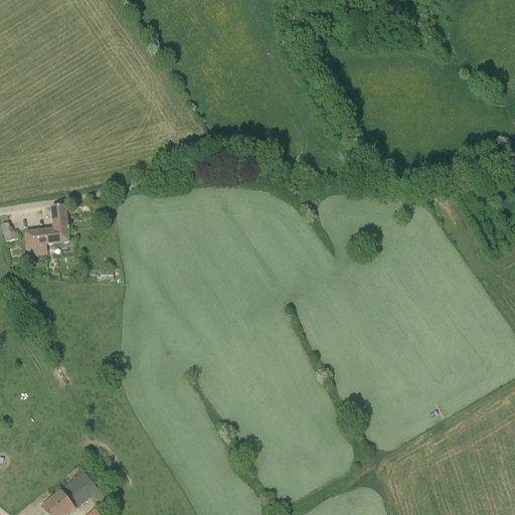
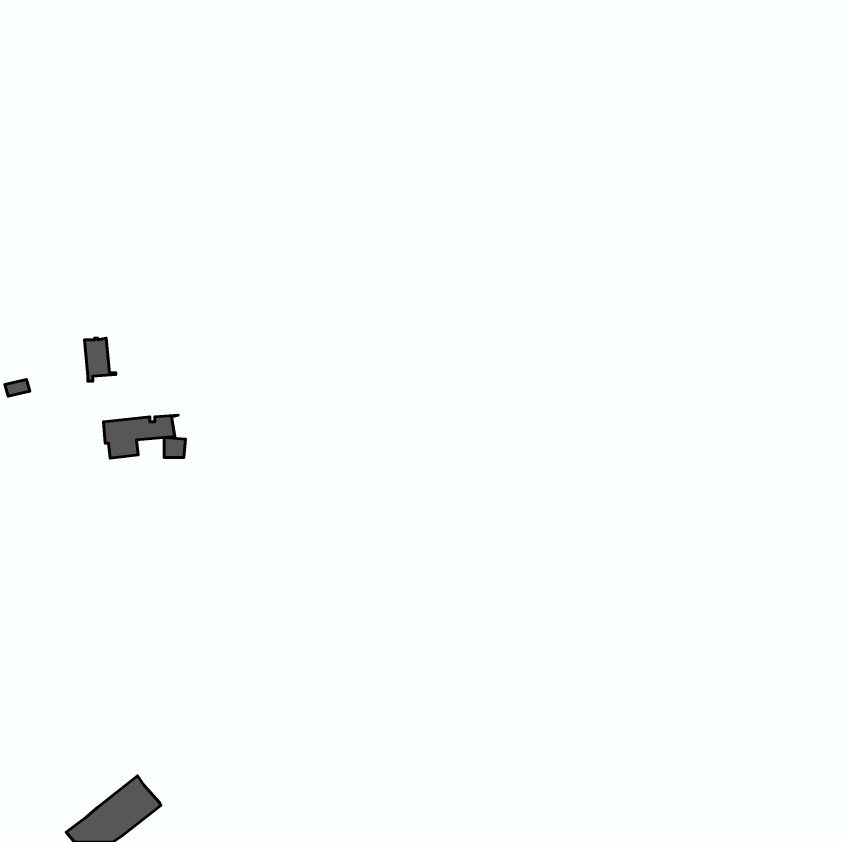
building: [25,227,70,253] -> [103,415,178,458]

